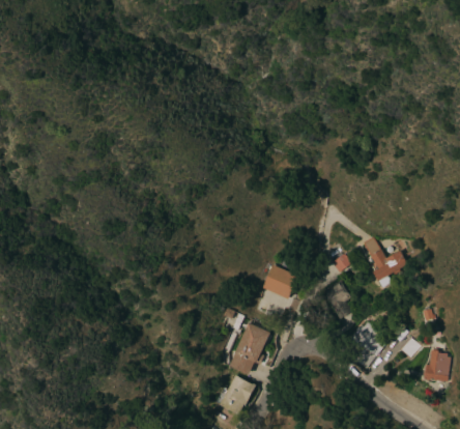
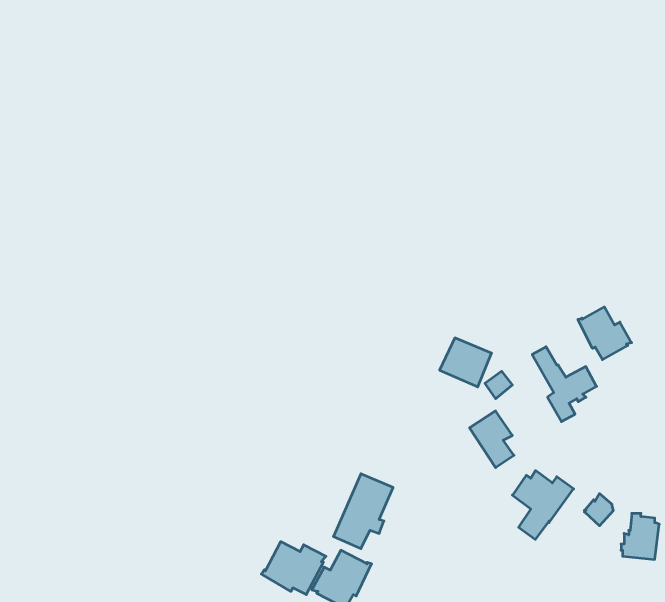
building: none -> [578,307,632,360]
building: [262,265,297,298] -> [440,338,492,387]
building: none -> [261,542,326,595]

